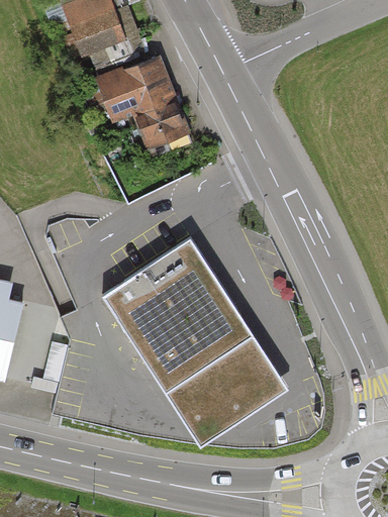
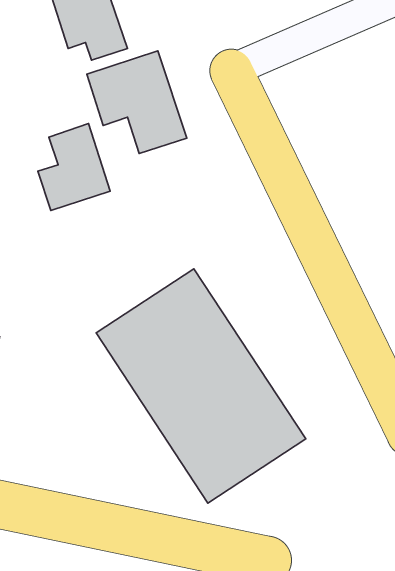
building: none -> [38,124,110,211]

